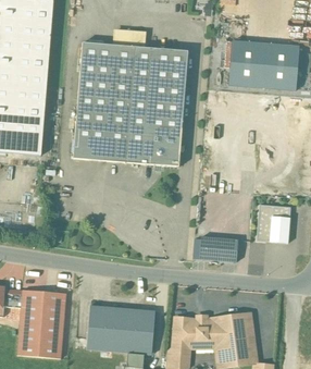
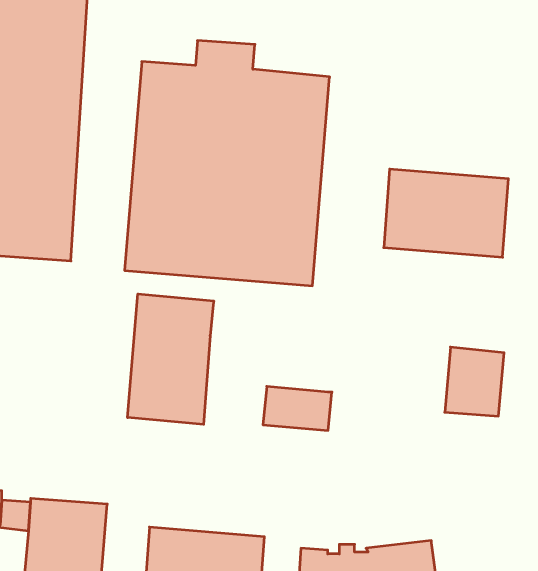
building: [227,40,298,90] -> [384,169,508,257]
building: none -> [128,294,214,424]
building: [198,236,237,261] -> [263,386,332,430]

